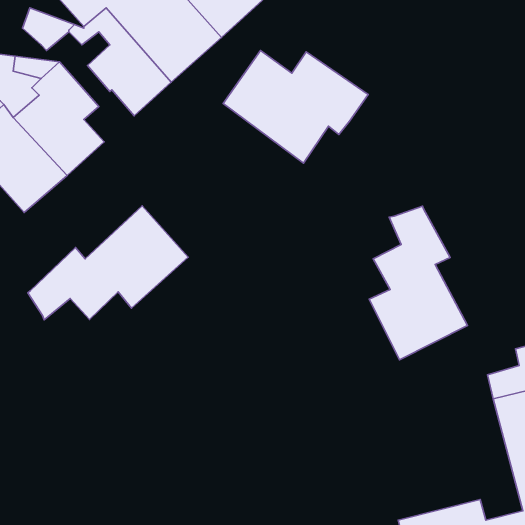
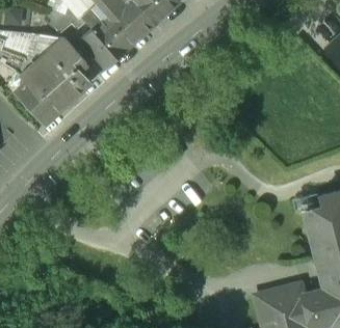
building: [223,51,368,163] -> none
building: [28,206,188,320] -> none
building: [369,206,467,360] -> none

